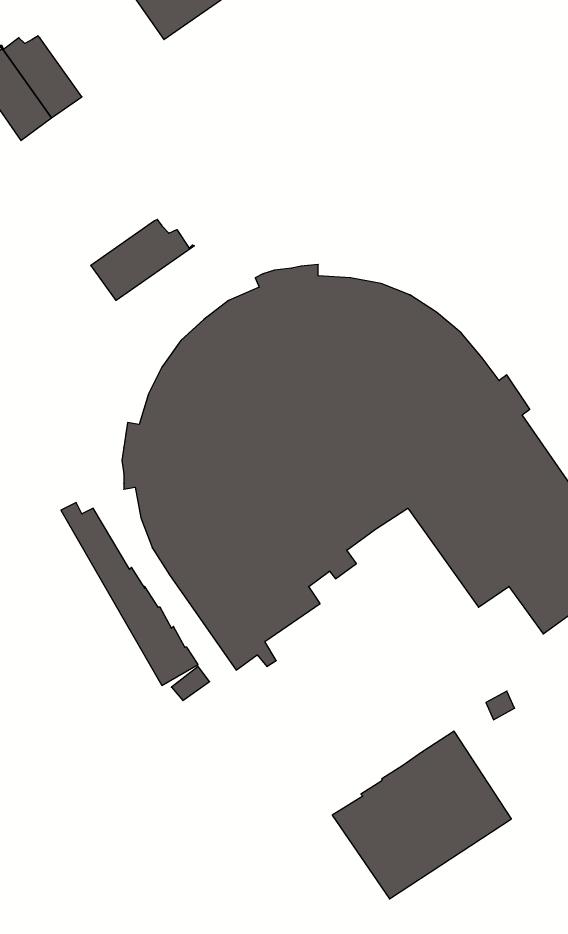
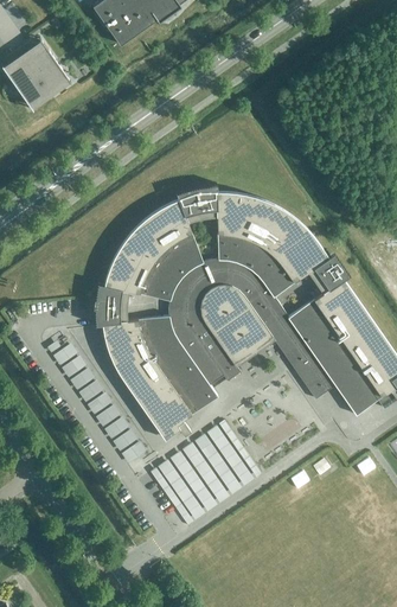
building: [91,219,194,300] -> none
building: [332,731,511,899] -> [154,415,265,519]

